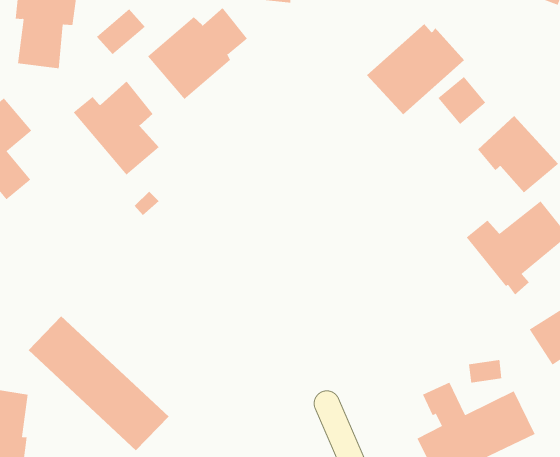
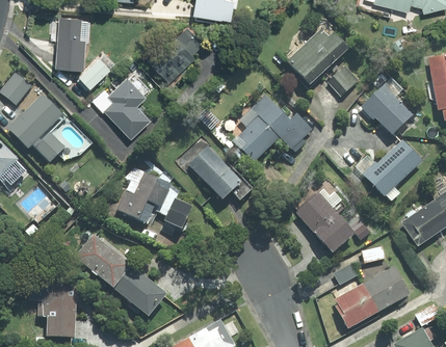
building: [96,9,146,55] -> [77,57,109,88]
building: none -> [234,94,312,162]
building: none -> [189,146,253,202]
building: none -> [115,169,192,232]
building: none -> [294,185,372,255]

